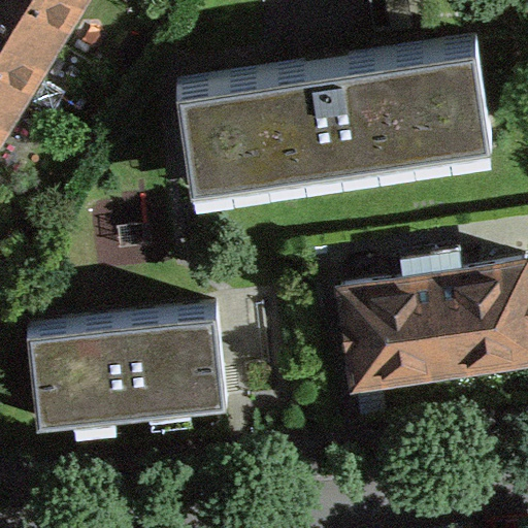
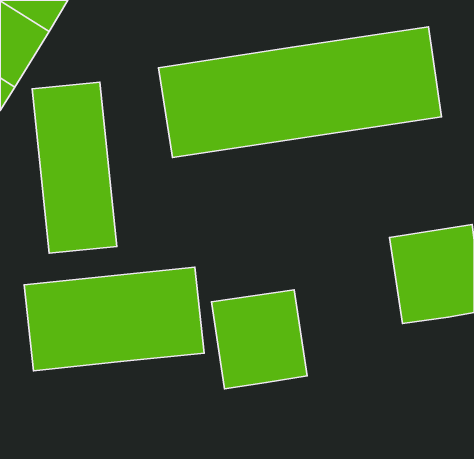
building: none -> [32,82,117,253]
building: [341,280,448,391] -> [212,290,307,389]

